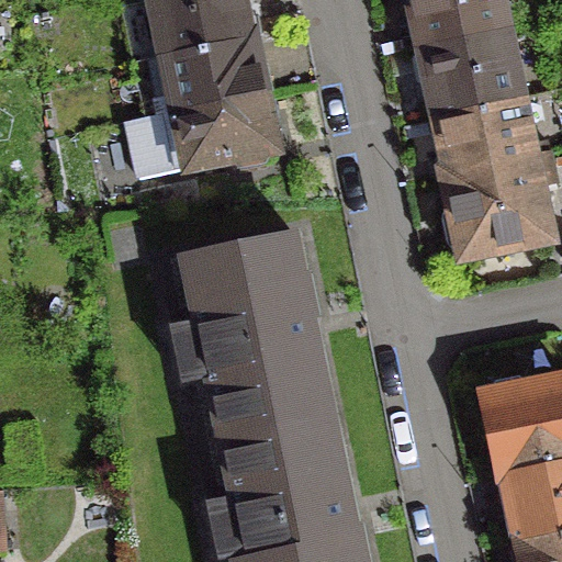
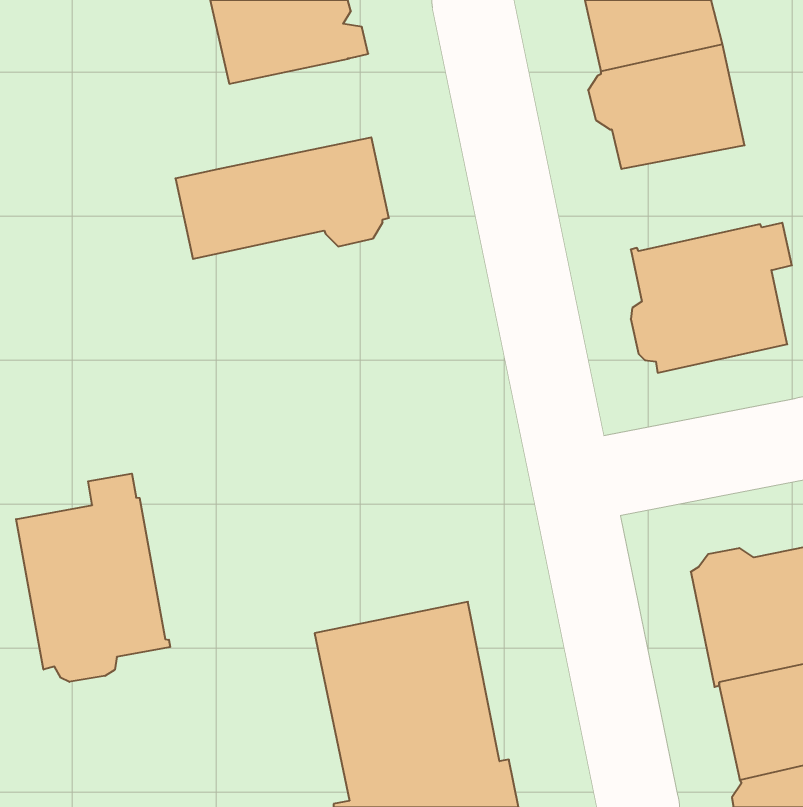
building: [153,40,261,117] -> none
building: [435,101,531,175] -> none
building: [184,237,328,440] -> none
building: none -> [16,474,170,682]

